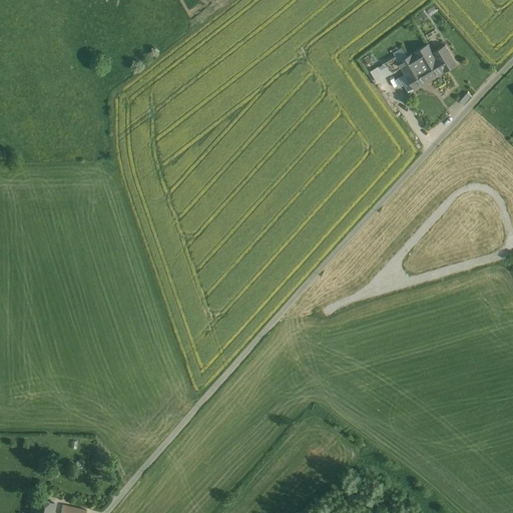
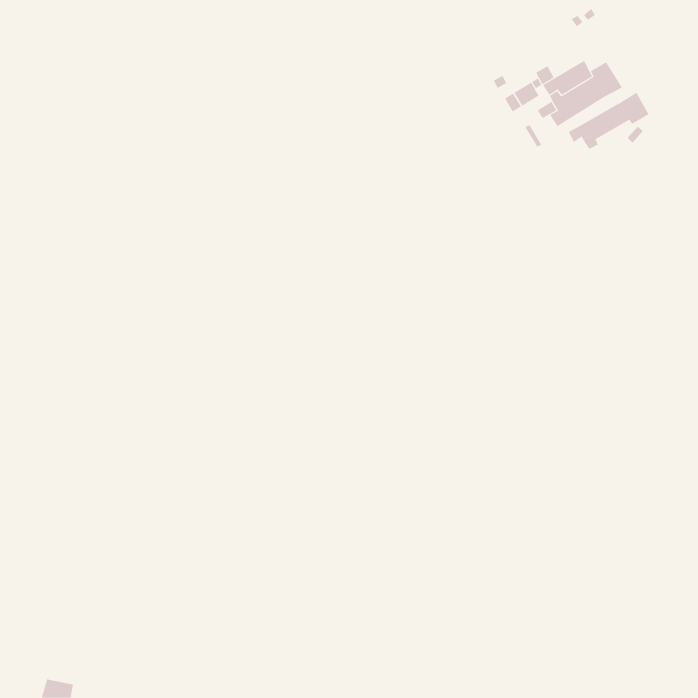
building: none -> [568,92,649,150]

